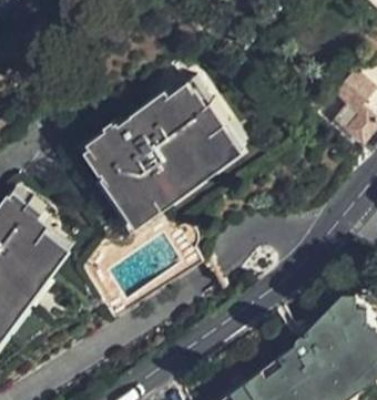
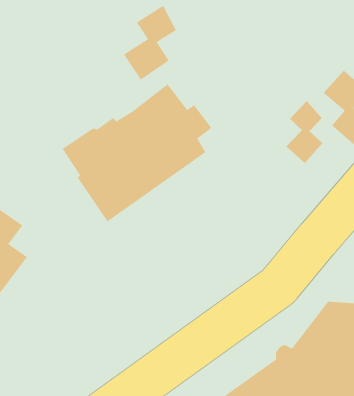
building: none -> [123,5,176,80]
building: none -> [285,100,323,164]

